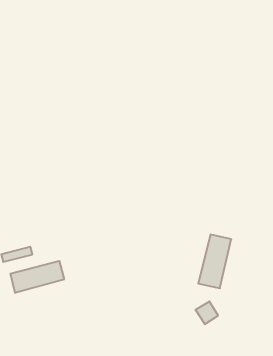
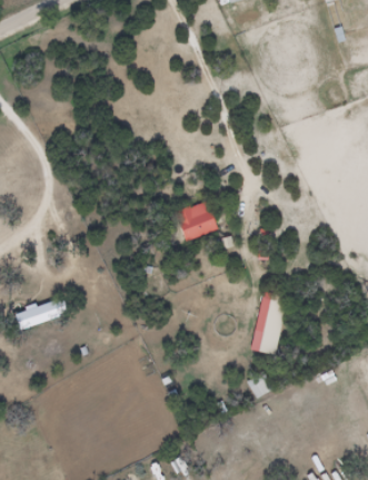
building: none -> [172,199,218,242]
building: [10,261,64,293] -> none

